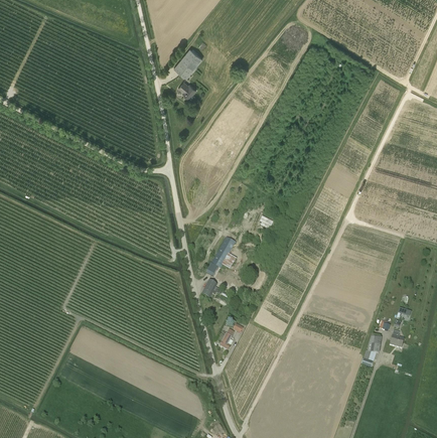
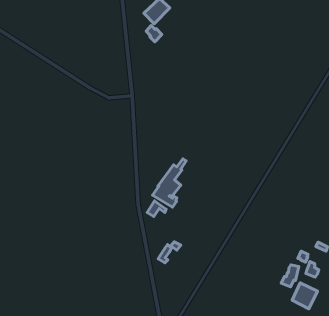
building: none -> [292,283,318,309]

